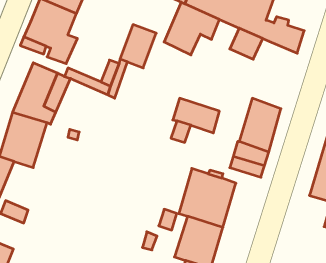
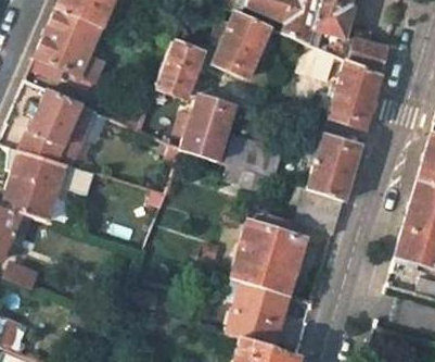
building: none -> [329,61,381,130]
building: none -> [183,95,234,157]

